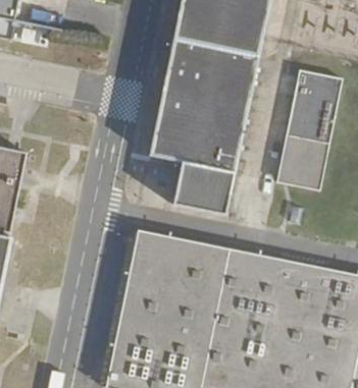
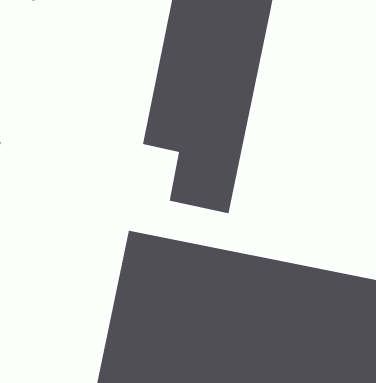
building: [276,68,341,188] -> none

